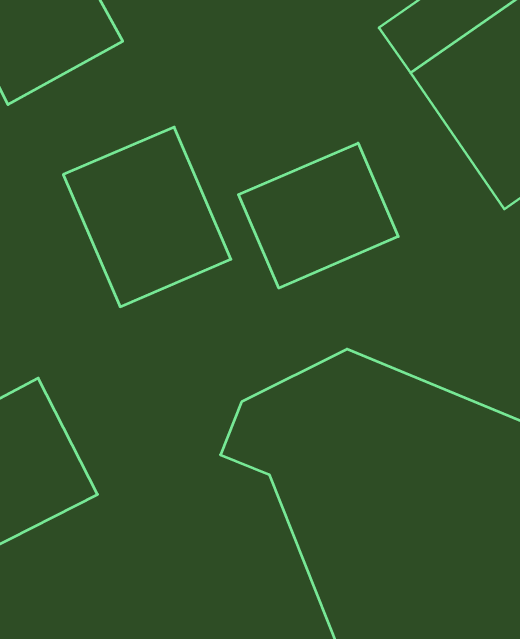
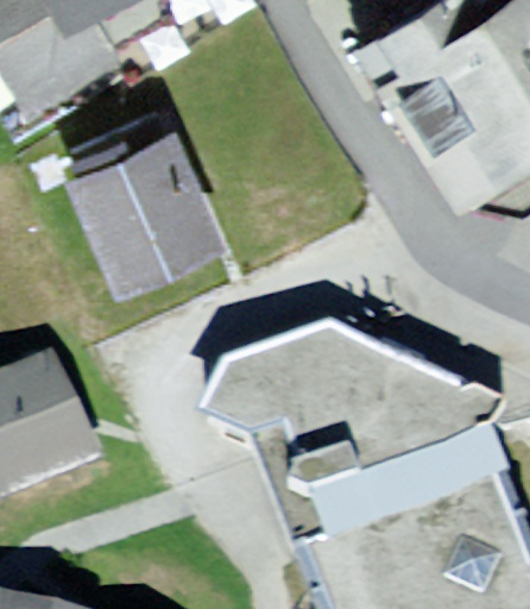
building: [238,143,398,288] -> none

